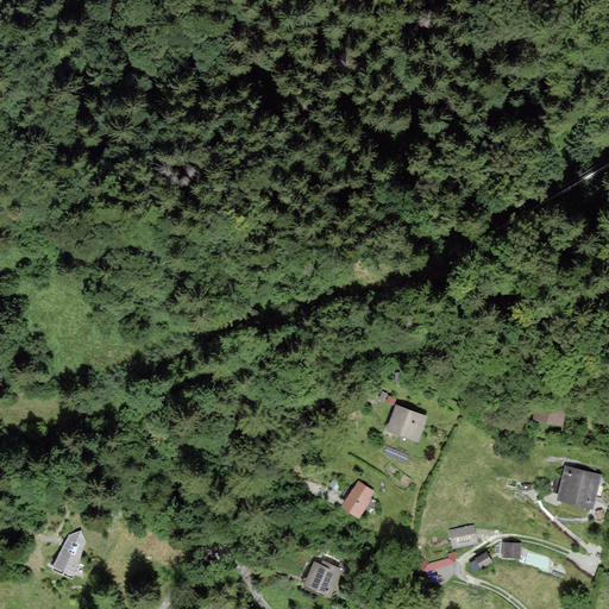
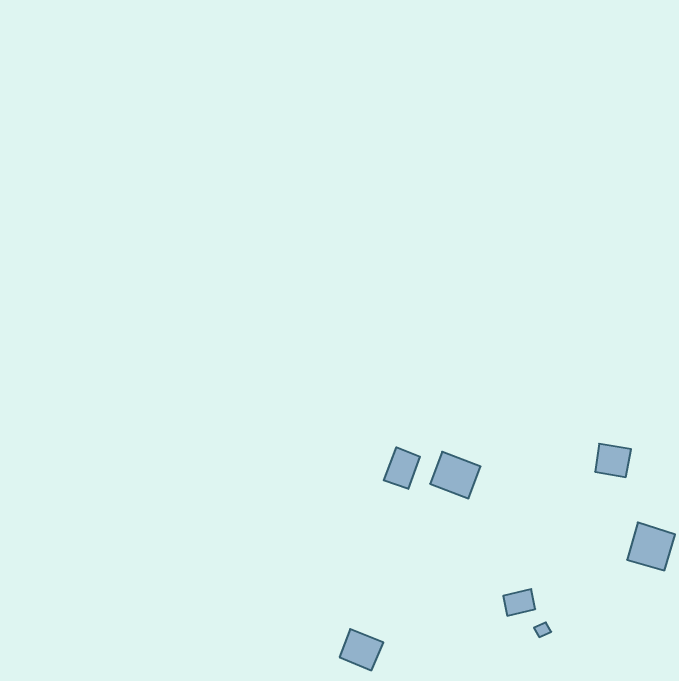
building: none -> [384,447,420,489]
building: [340,482,371,514] -> none
building: [54,532,83,572] -> none

